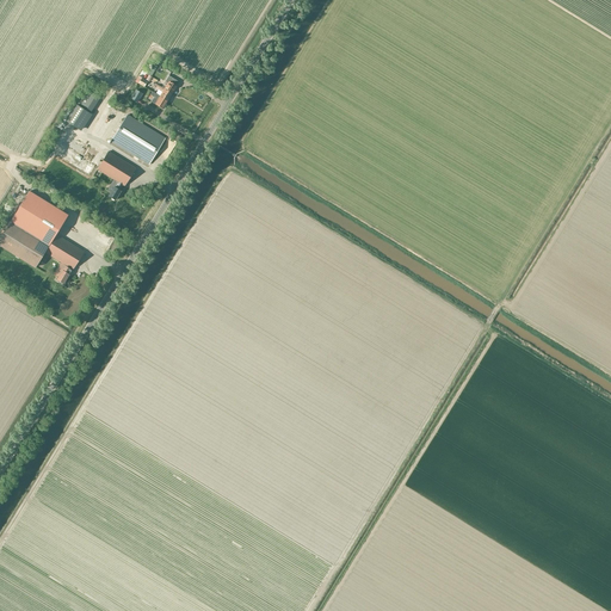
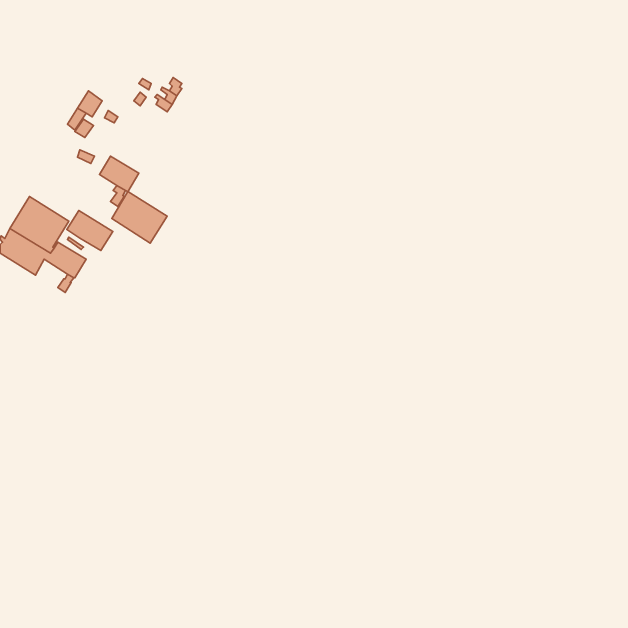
building: [111,115,165,165] -> [112,192,167,243]
building: none -> [67,211,113,251]

